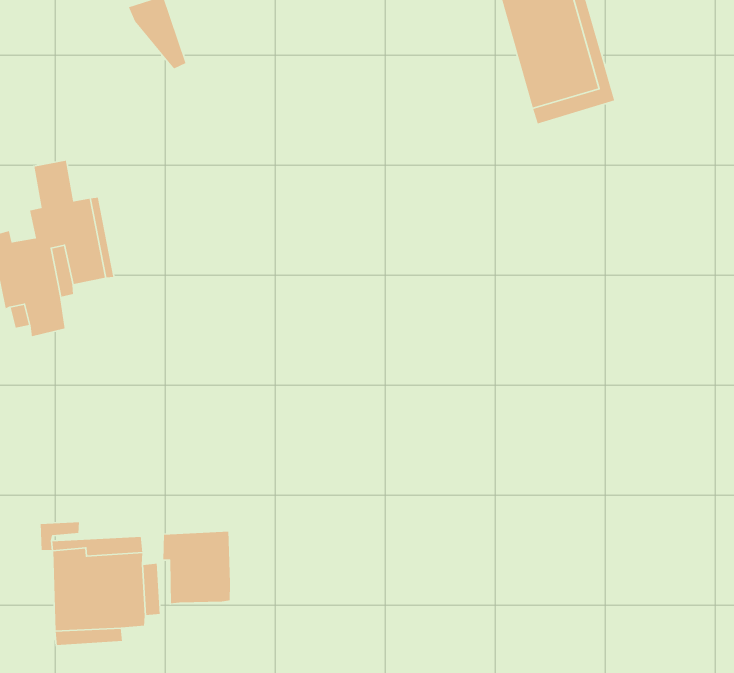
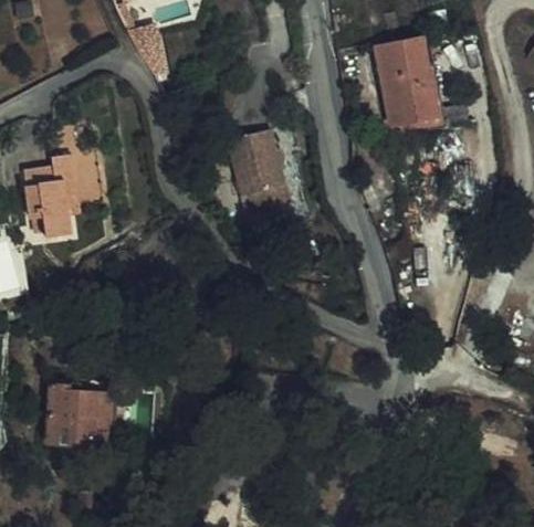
building: none -> [229,126,284,204]
building: [163,531,231,604] -> none

